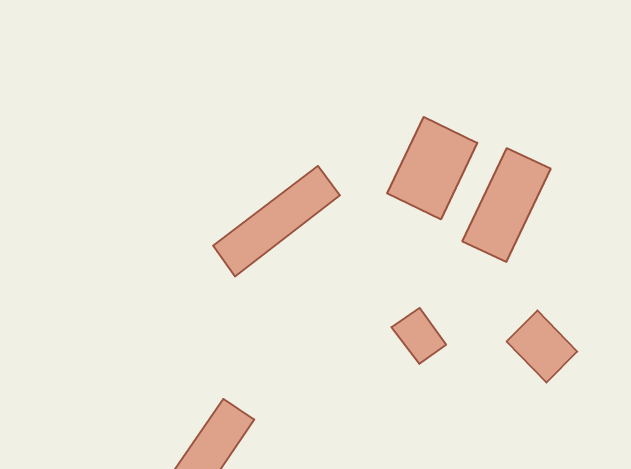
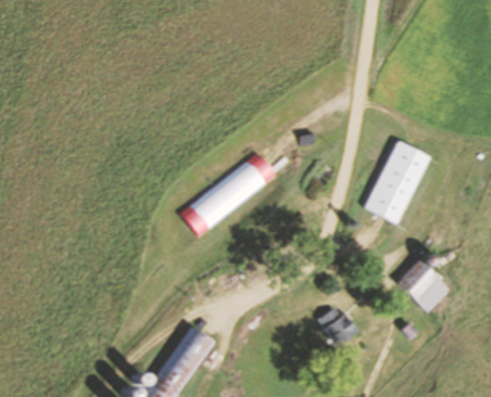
building: [387,117,477,219] -> none
building: [391,308,446,364] -> [318,306,358,347]

